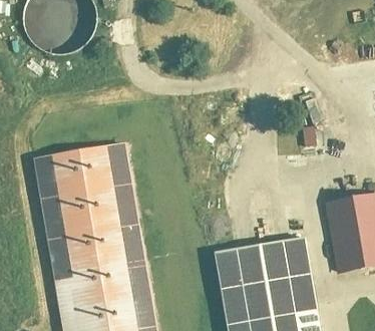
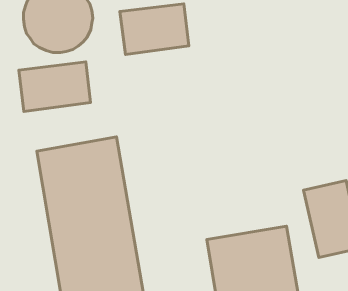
building: none -> [120,4,189,54]
building: none -> [19,62,91,112]

